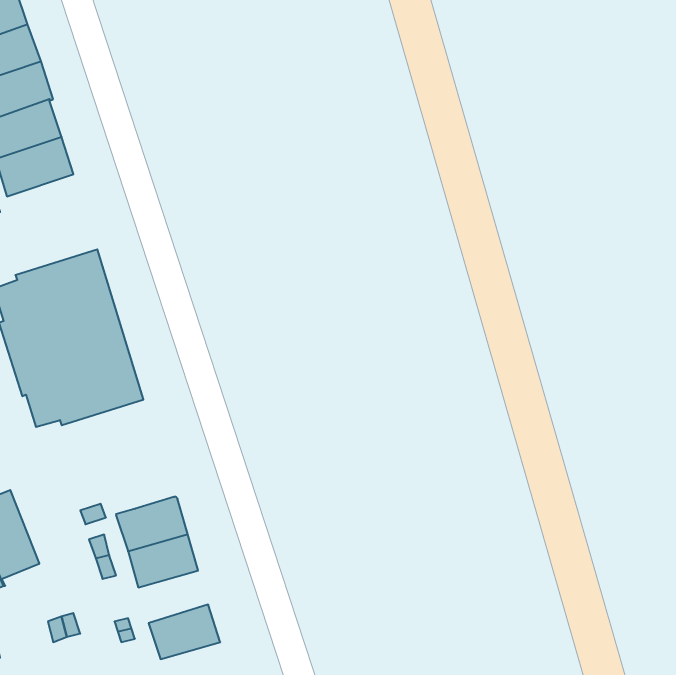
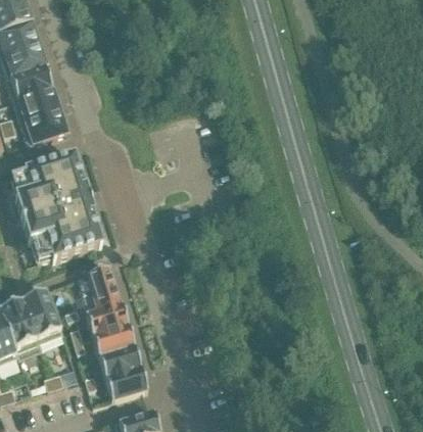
building: none -> [19,108,67,144]
building: none -> [85,266,122,313]
building: none -> [21,288,62,341]
building: none -> [98,345,140,377]

